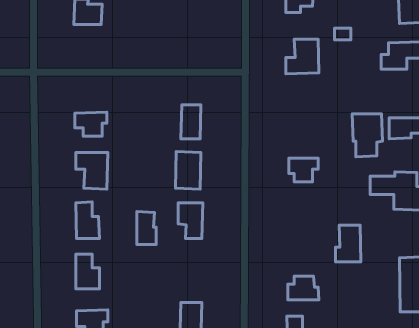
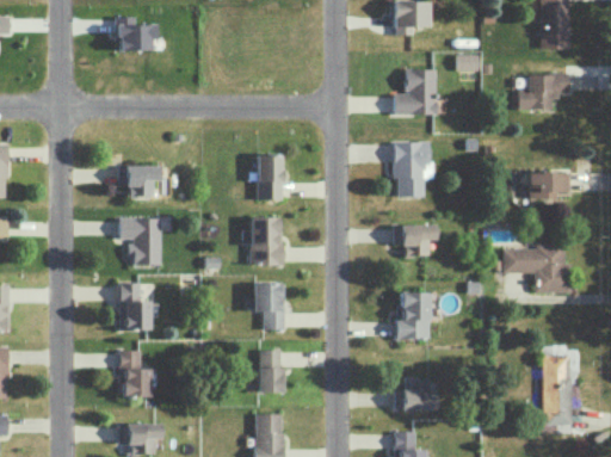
building: [352,114,382,157] -> [393,141,432,197]
building: [137,212,156,244] -> [259,348,284,391]
building: [335,225,361,262] -> [396,291,430,339]

